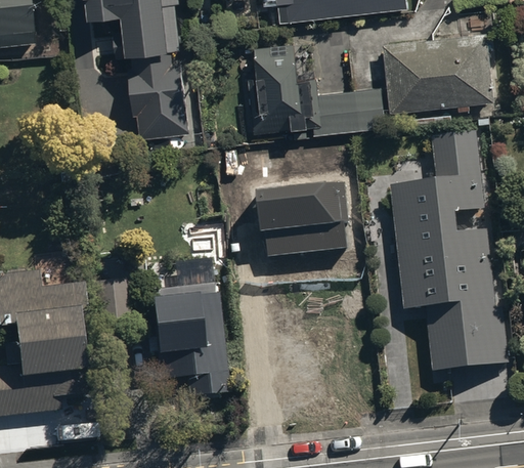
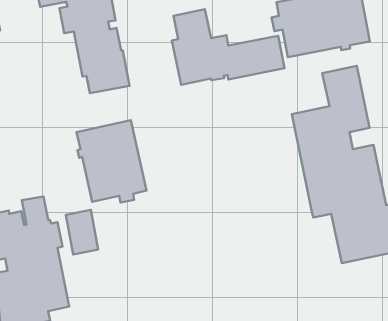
building: none -> [77,120,147,203]
building: [255,177,348,255] -> none
building: [150,284,230,401] -> none

